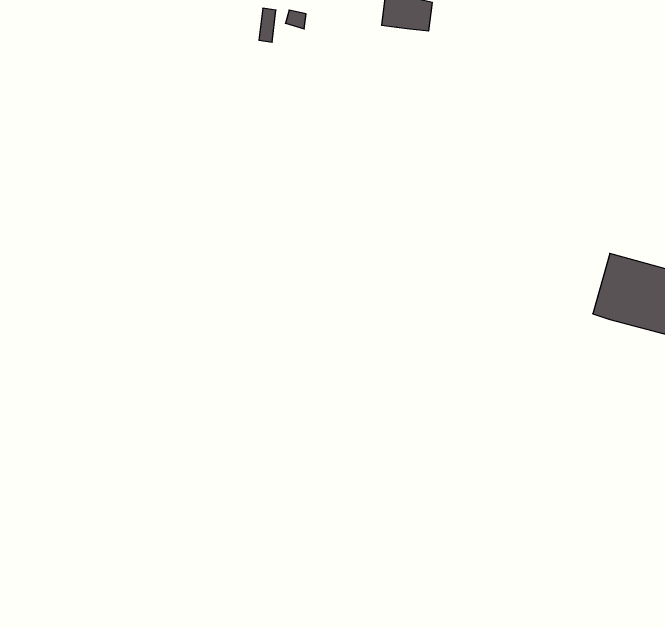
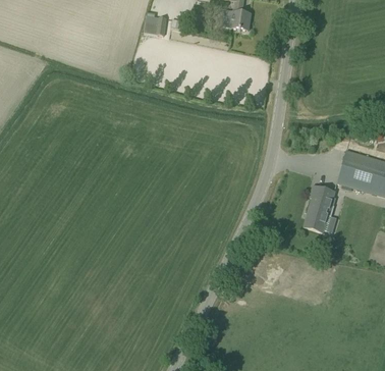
building: none -> [304,185,333,232]

